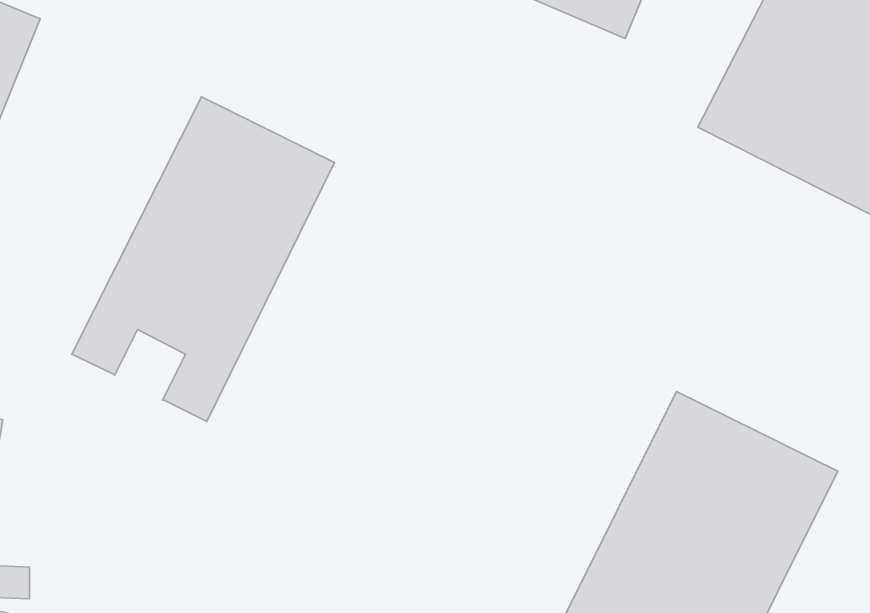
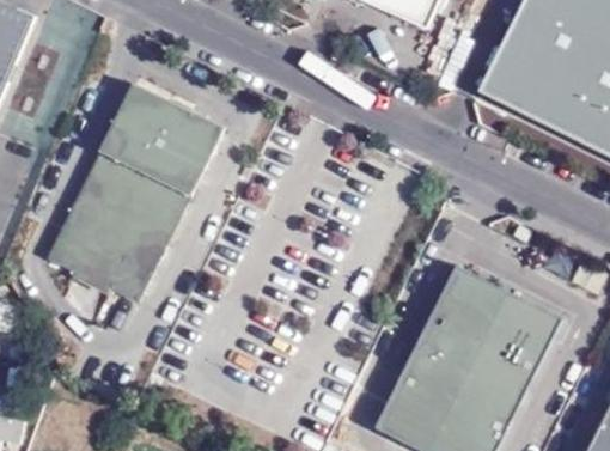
building: none -> [75,225,127,279]

